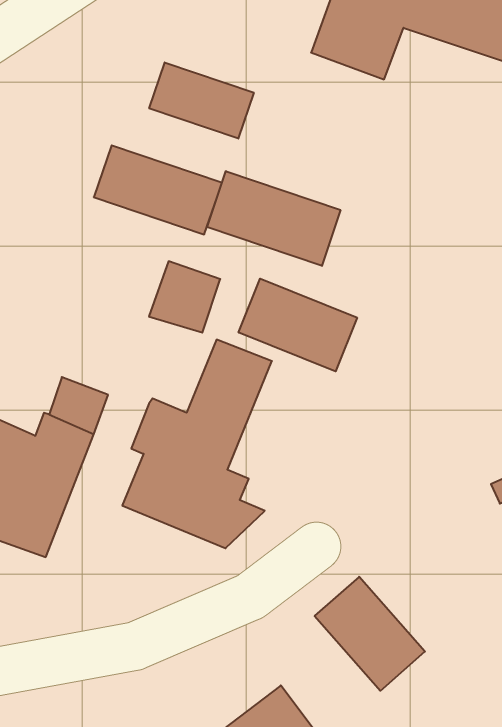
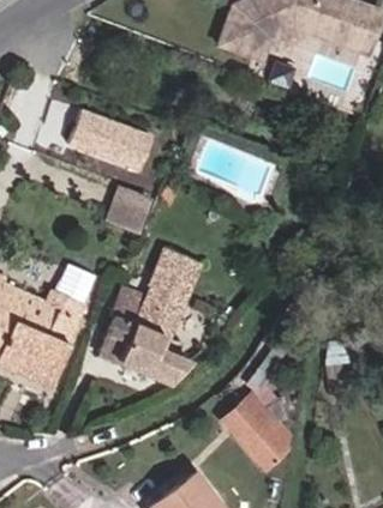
building: [149,62,254,139] -> none
building: [207,171,340,266] -> none
building: [239,279,357,371] -> none

